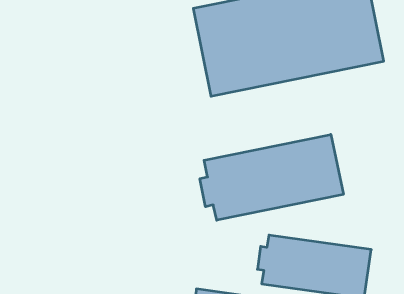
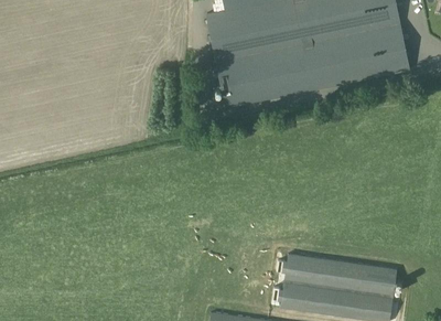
building: [200,134,343,220] -> none

